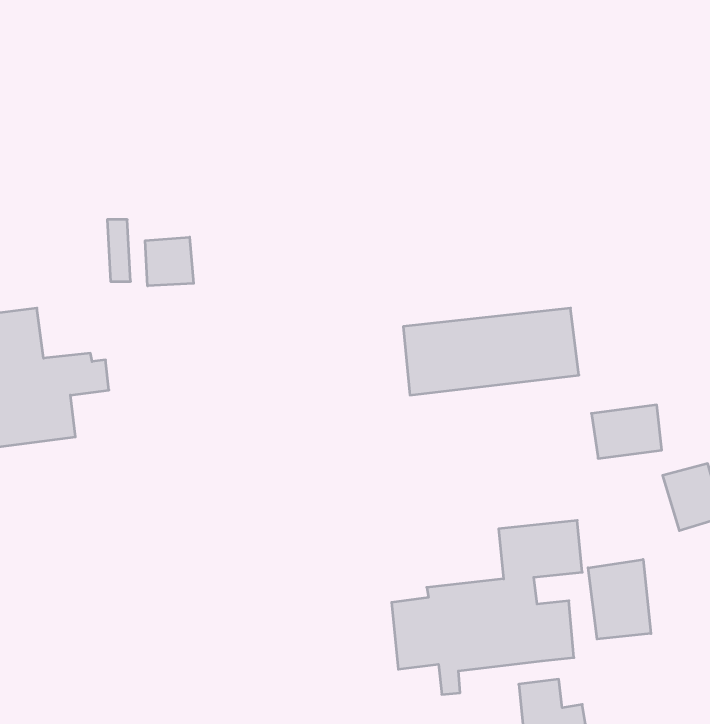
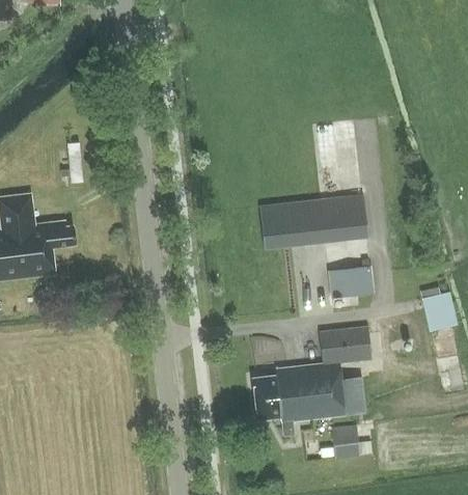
building: [145,237,194,286] -> none
building: [591,405,662,458] -> [329,264,373,297]
building: [588,559,651,639] -> none

